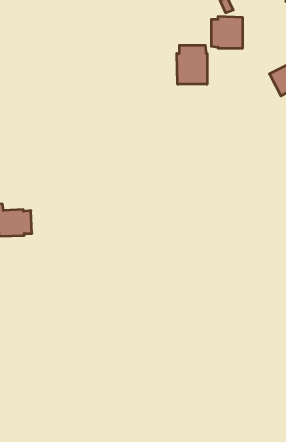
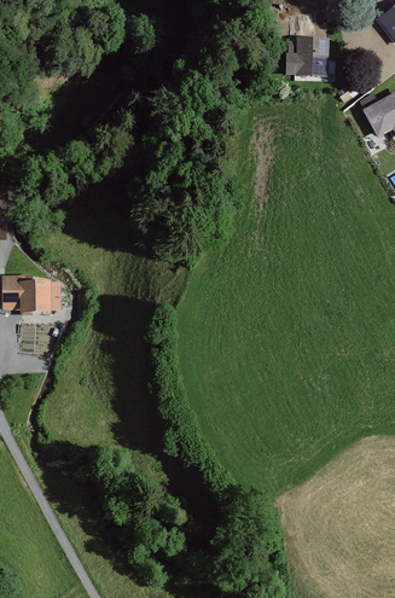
building: [177,45,207,84] -> none

